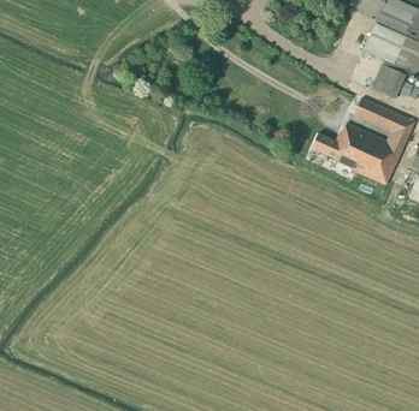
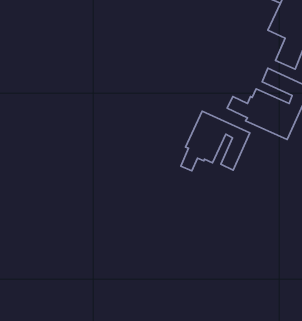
building: none -> [181,111,250,171]

